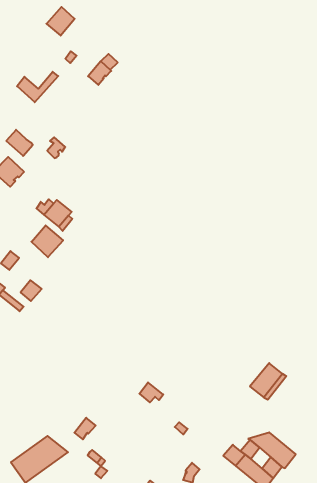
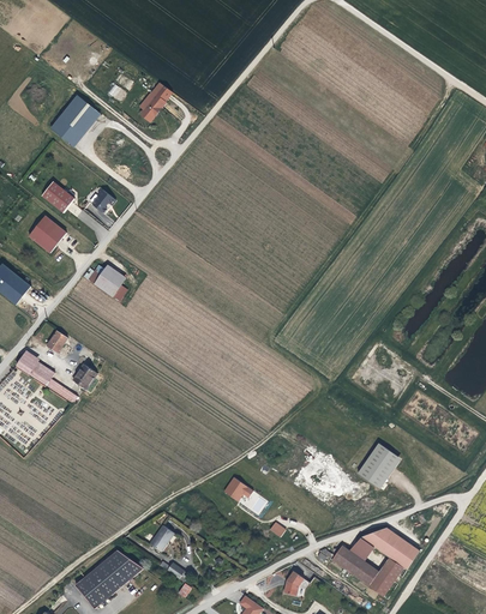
building: [46,7,75,36] -> [59,96,92,131]
building: [31,225,63,257] -> none

